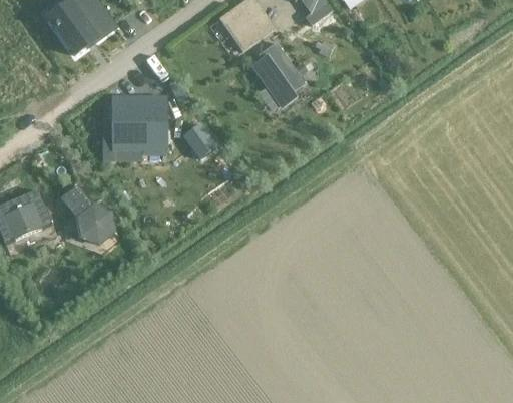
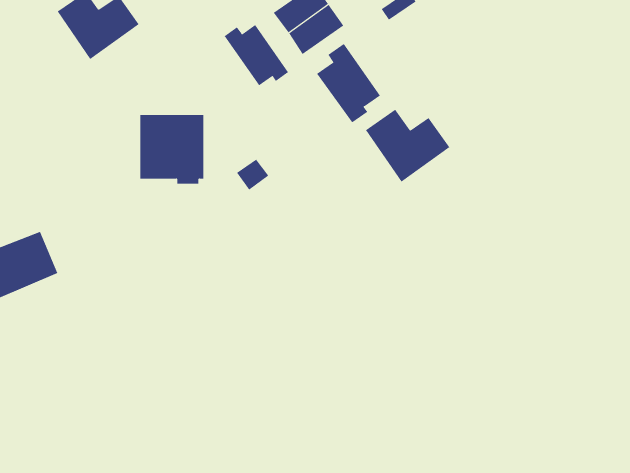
building: none -> [224,24,289,86]
building: none -> [365,109,450,183]
building: [61,185,113,245] -> none

